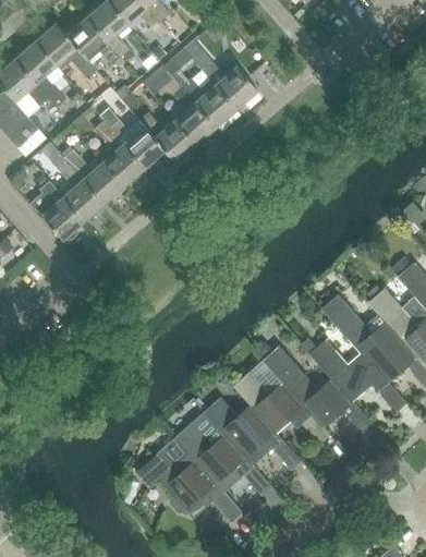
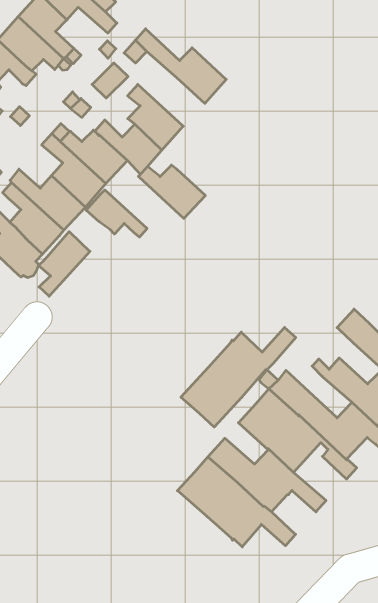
building: [181,78,236,126] -> [138,165,205,218]
building: none -> [86,190,147,237]
building: none -> [38,232,90,296]
building: none -> [181,327,296,427]
building: [136,438,243,522] -> none

